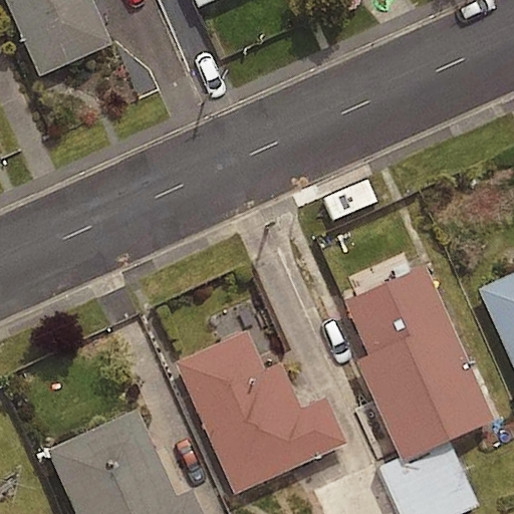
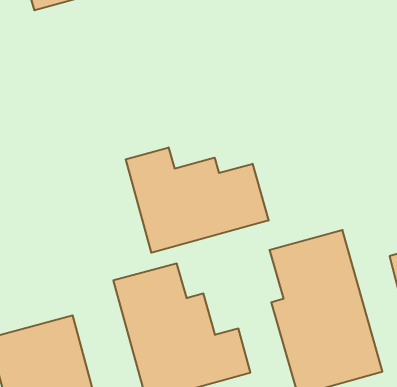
building: none -> [126,147,269,253]

